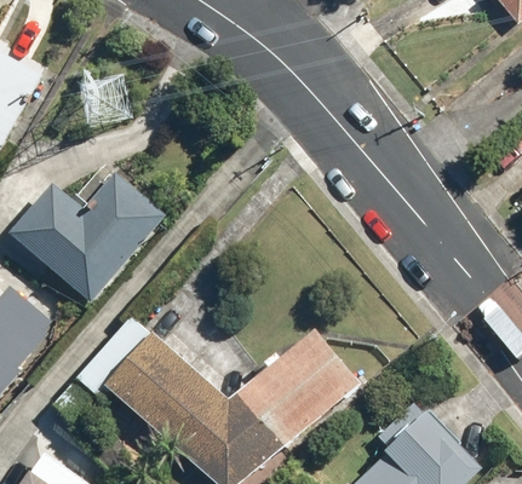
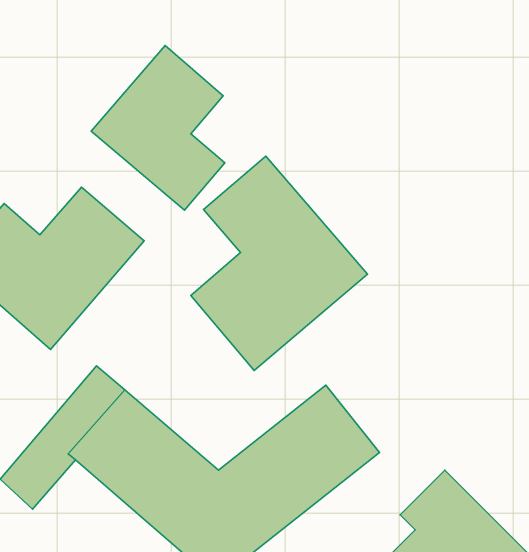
building: none -> [91,45,225,210]
building: none -> [191,156,367,370]

